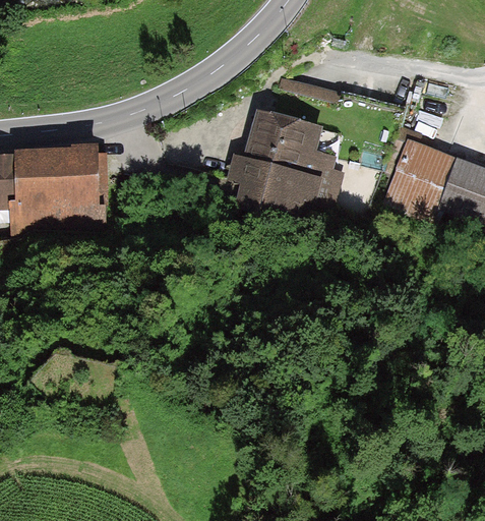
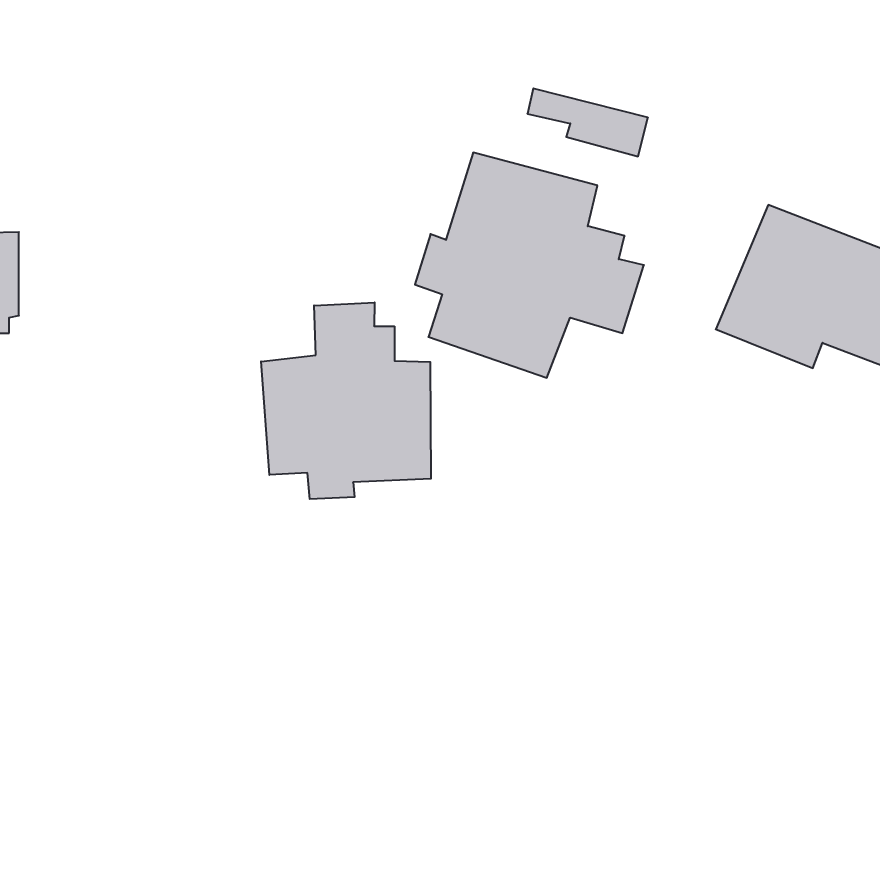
building: [12,148,109,234] -> none
building: none -> [261,302,431,499]

